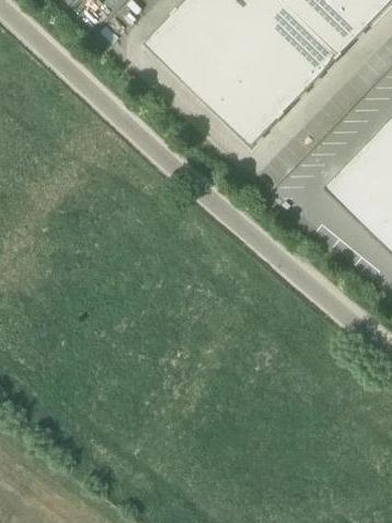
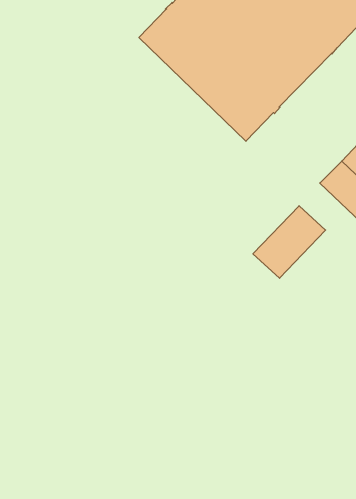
building: none -> [253,206,326,278]

